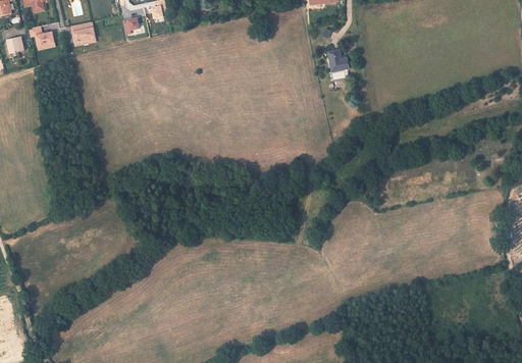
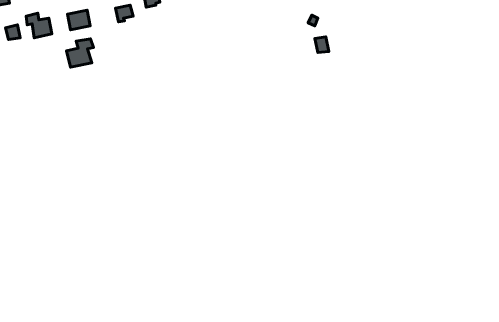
building: none -> [67,39,93,67]

